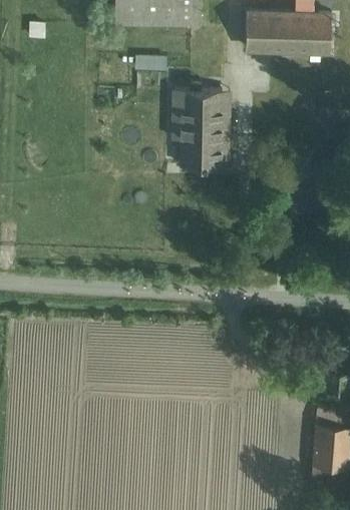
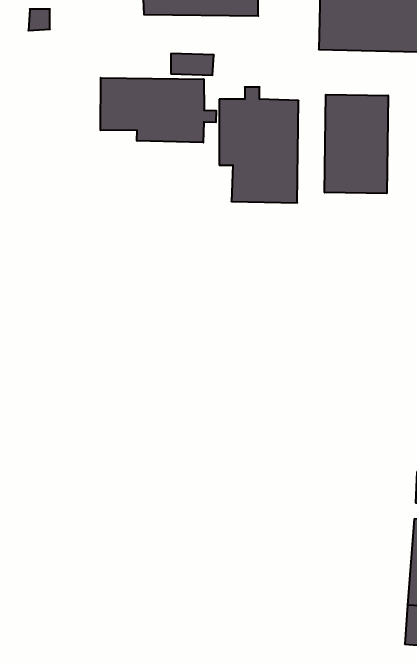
building: none -> [101,78,216,143]
building: none -> [325,95,388,193]

